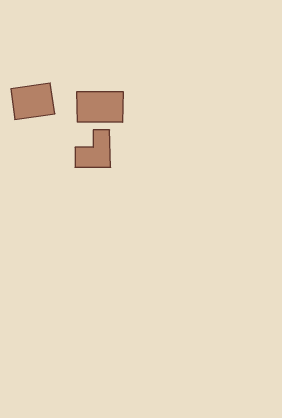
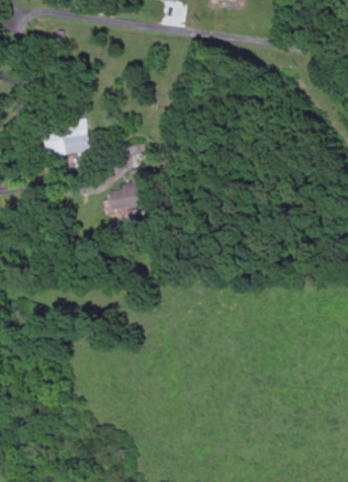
building: [77,92,123,122] -> none

